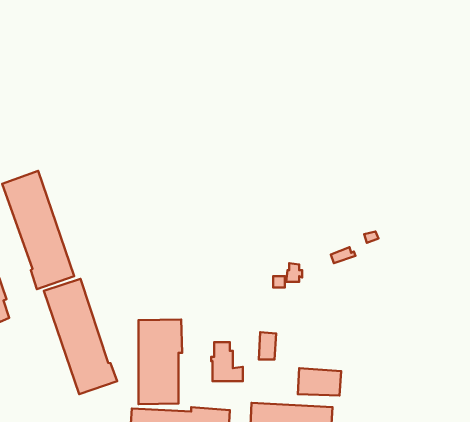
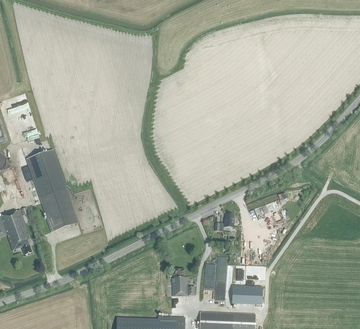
building: [44,279,117,394] -> none
building: [138,319,182,404] -> none

